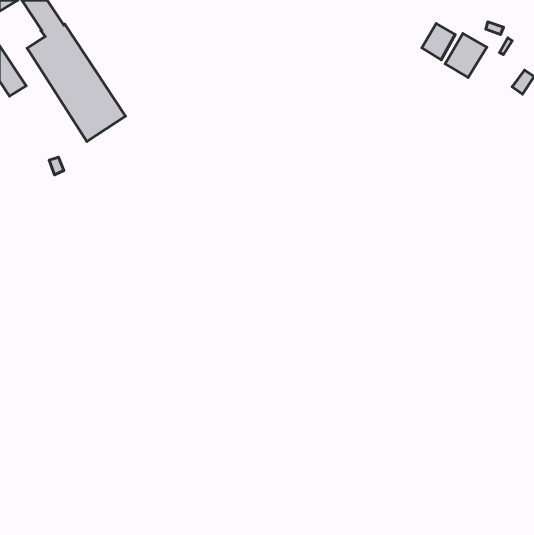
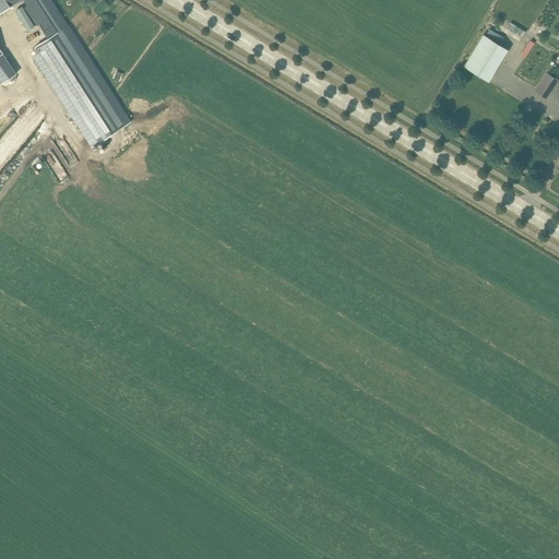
building: [422,23,455,60] -> none

